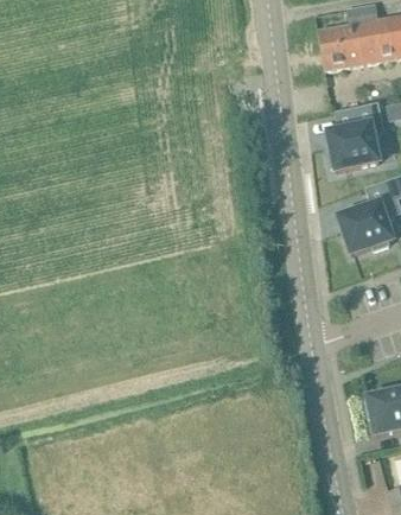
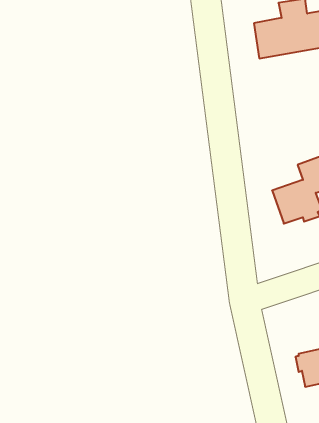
building: [327,103,386,172] -> none

